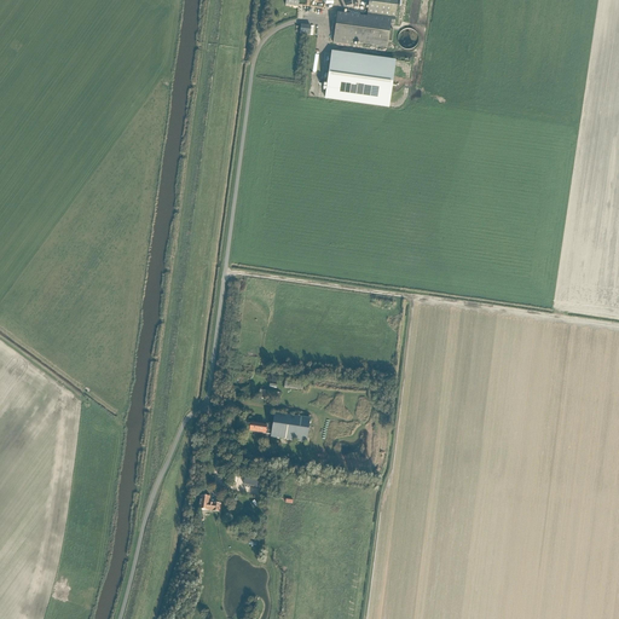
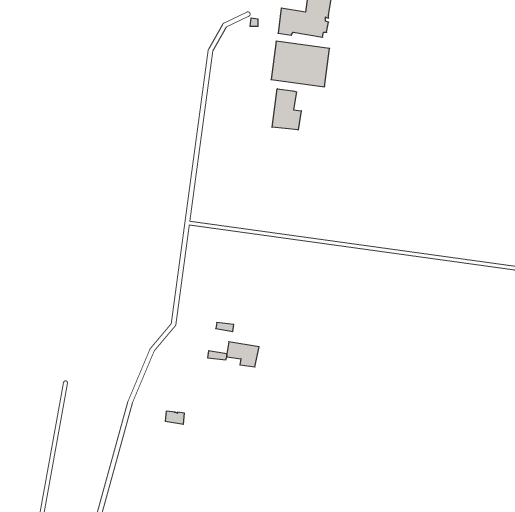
building: none -> [272,89,301,130]

